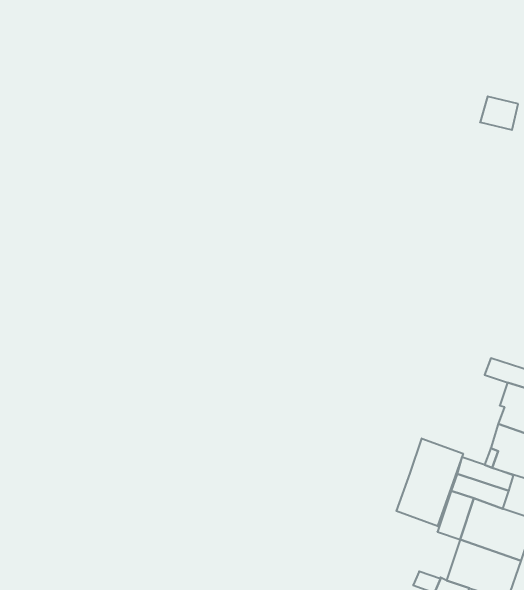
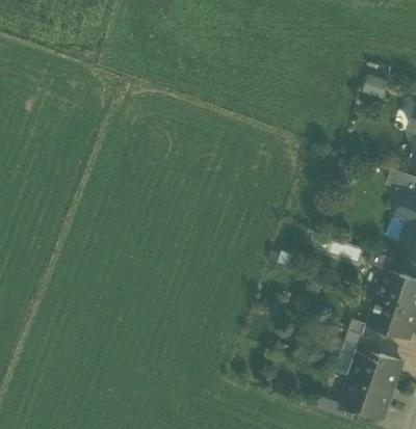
building: [396,438,463,526] -> none

